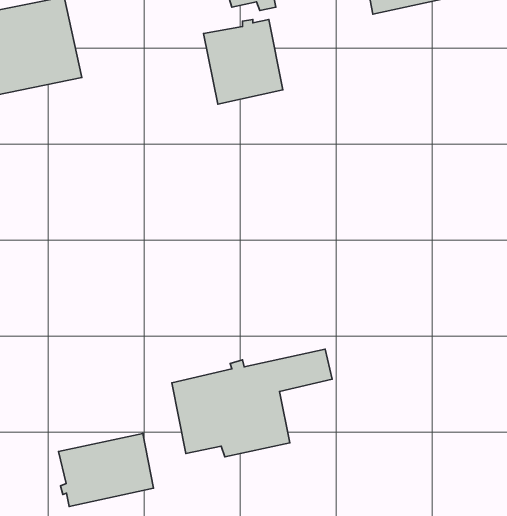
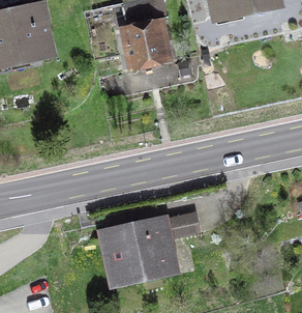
building: [58,433,153,506] -> none

